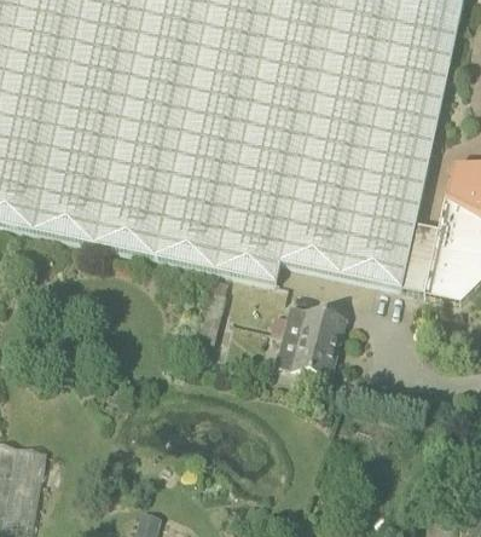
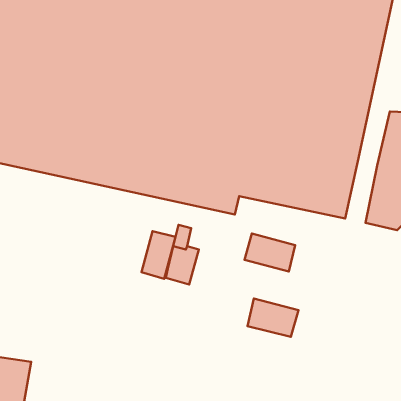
building: [400,221,436,291] -> none
building: none -> [141,231,176,279]
building: [278,334,336,377] -> [247,298,298,337]

